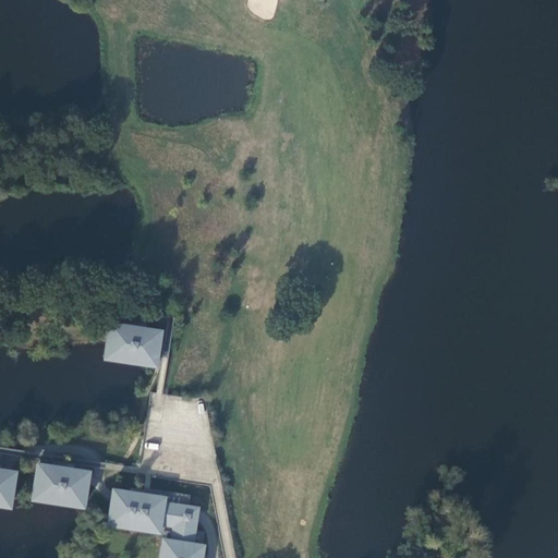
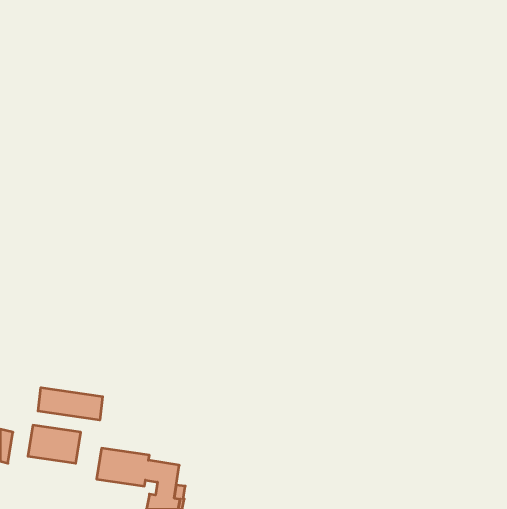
building: [105,324,162,366] -> none
building: none -> [38,388,103,420]

